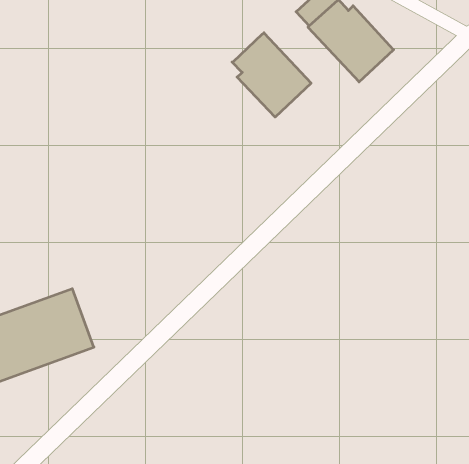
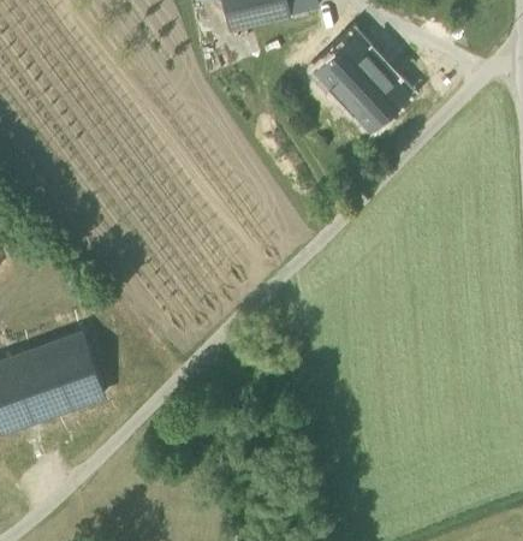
building: [232,33,311,117] -> none

